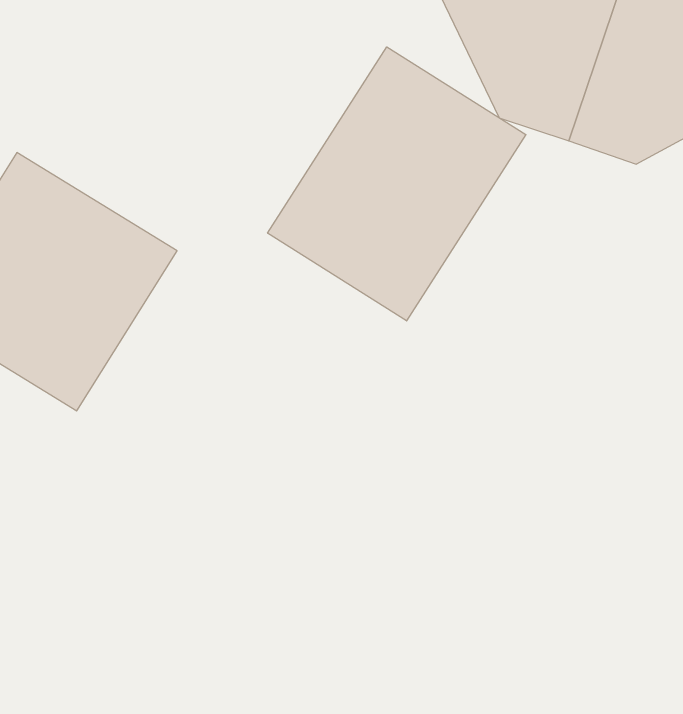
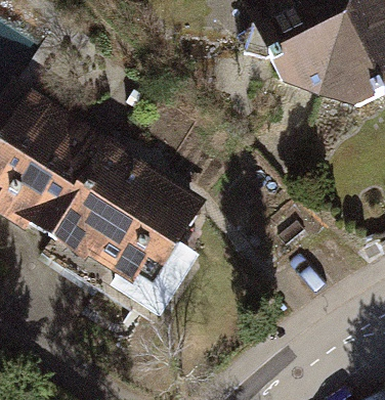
building: [268,47,526,321] -> none
building: none -> [62,151,202,291]

